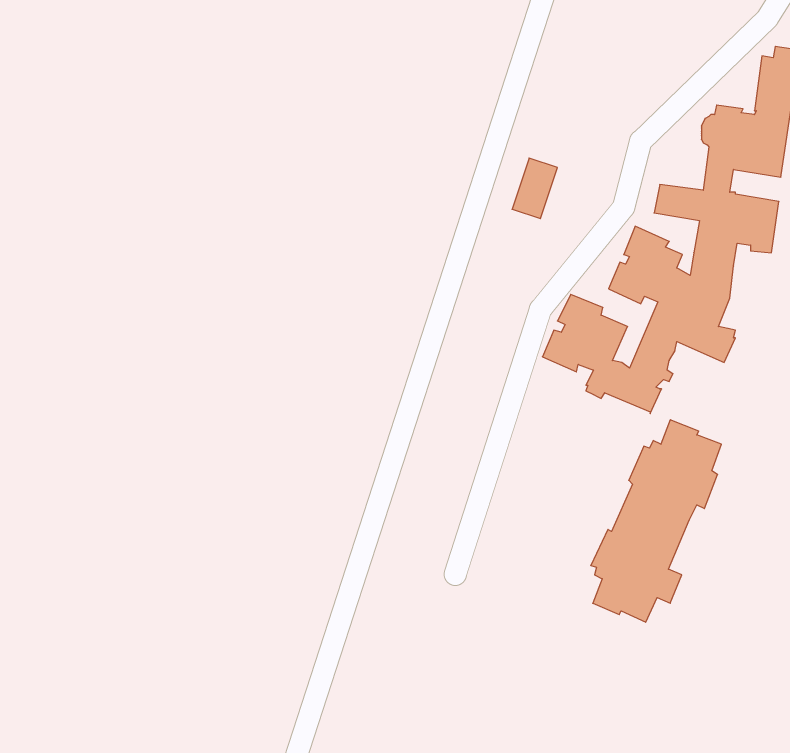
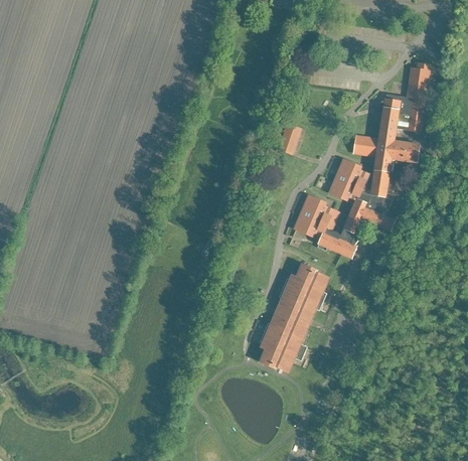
building: [591,420,721,622] -> [259,263,328,370]

